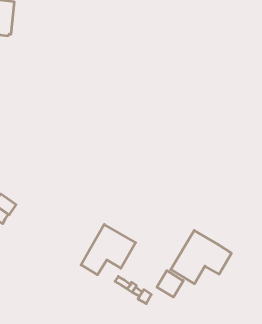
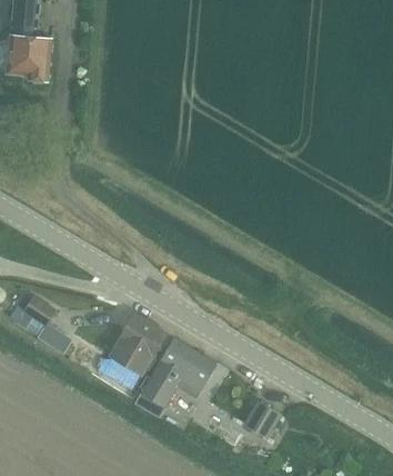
building: none -> [110,314,168,375]
building: [171,230,231,284] -> none

